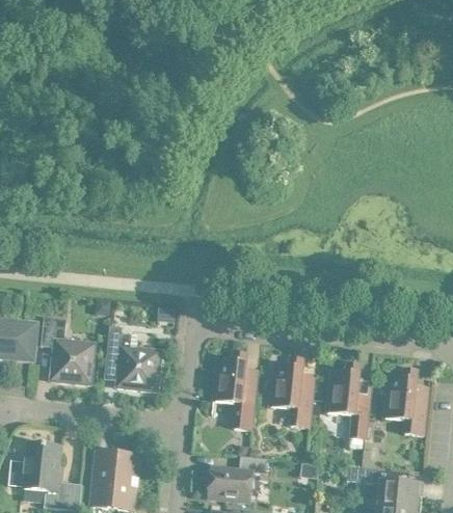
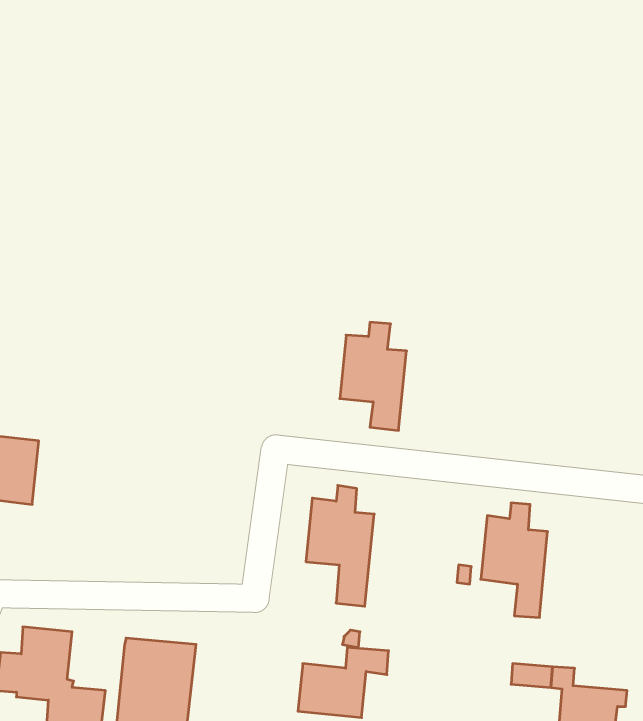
building: [41,317,96,384] -> none
building: [106,326,161,390] -> none
building: [270,356,314,427] -> [340,322,407,430]
building: [384,368,428,435] -> none

